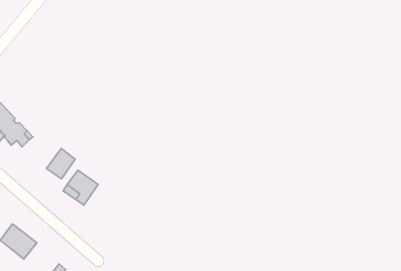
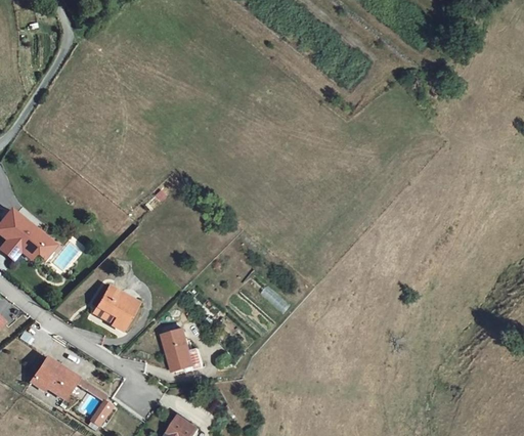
building: [47,148,75,179] -> none
building: none -> [162,328,204,373]

